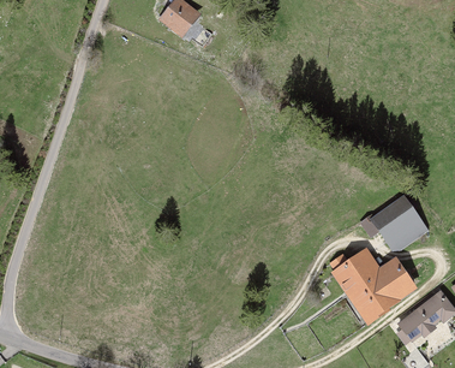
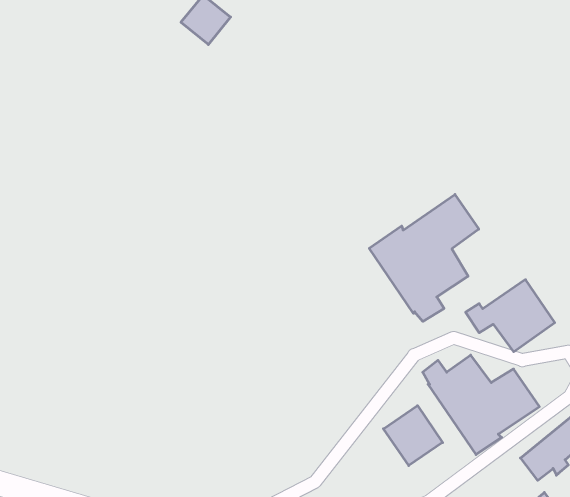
building: none -> [369,194,479,321]
building: none -> [383,406,443,466]

